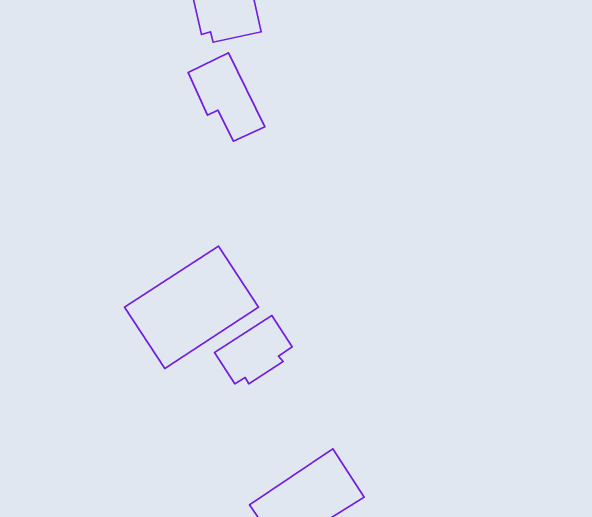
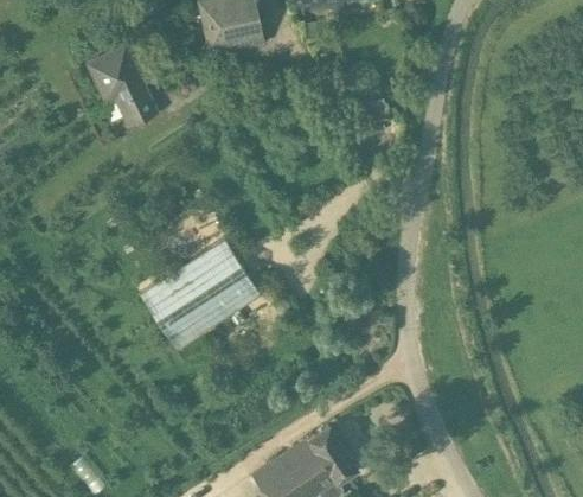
building: [188,53,265,141] -> [88,46,158,127]
building: [214,315,292,384] -> none

